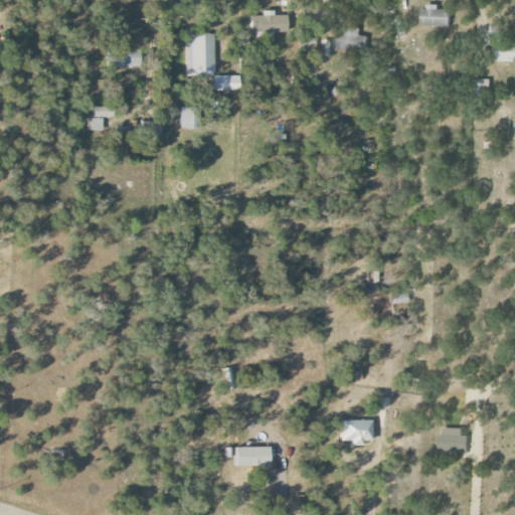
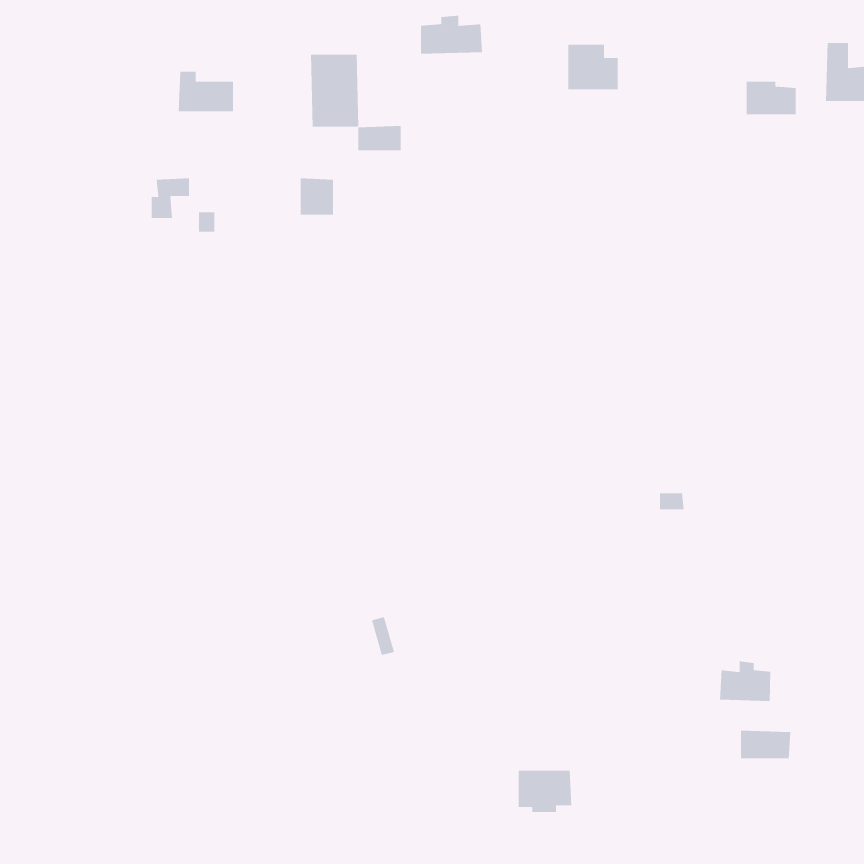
building: [422,5,453,25] -> [746,81,796,115]
building: none -> [719,661,771,702]
building: [342,419,374,445] -> [518,770,572,813]
building: [236,446,272,466] -> none

